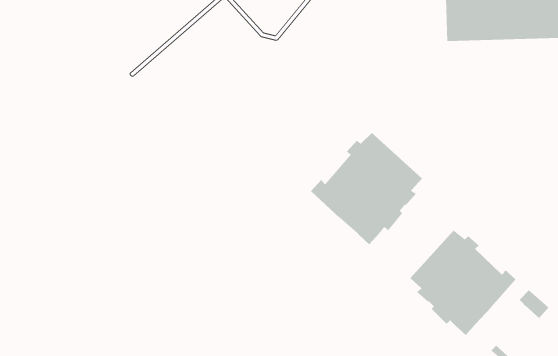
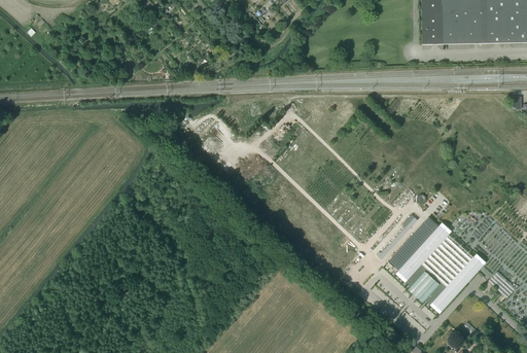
building: [310,132,423,245] -> none

